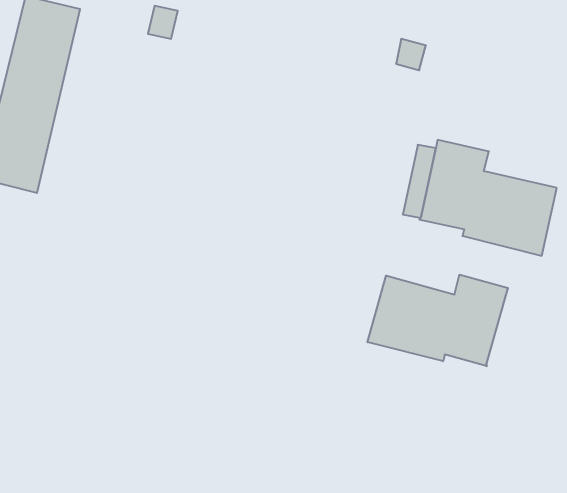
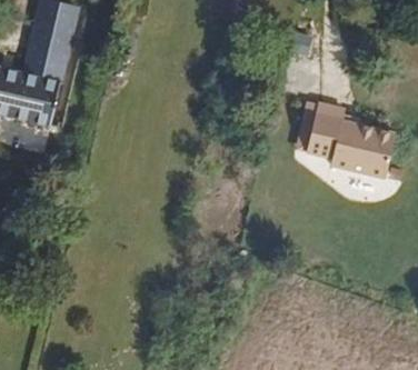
building: [367,275,508,366] -> none

